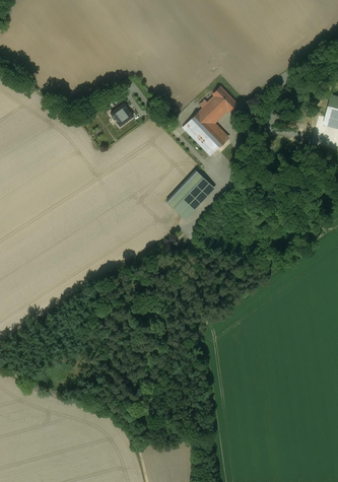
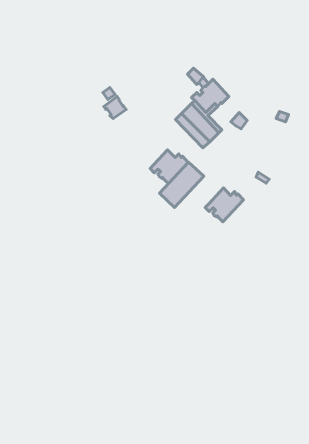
building: none -> [150,150,188,184]
building: none -> [205,188,244,222]

